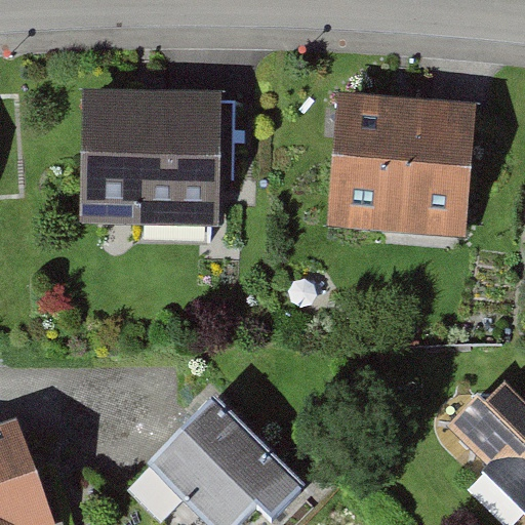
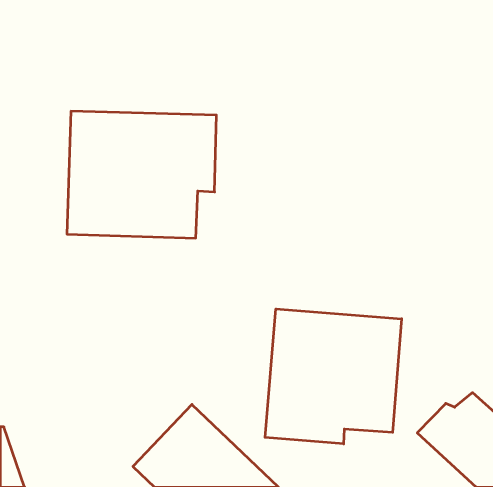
building: [322,118,475,261] -> none
building: none -> [265,309,402,444]

